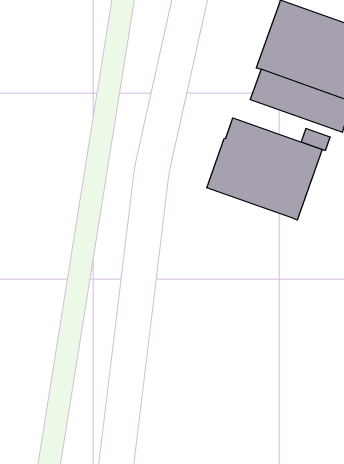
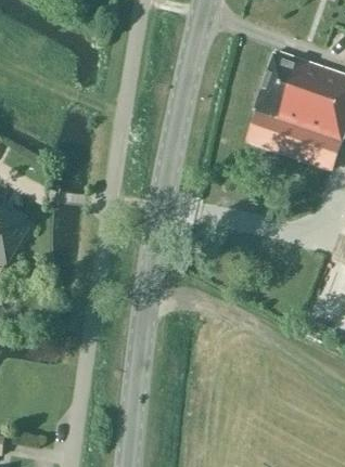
building: [207,118,322,220] -> none

